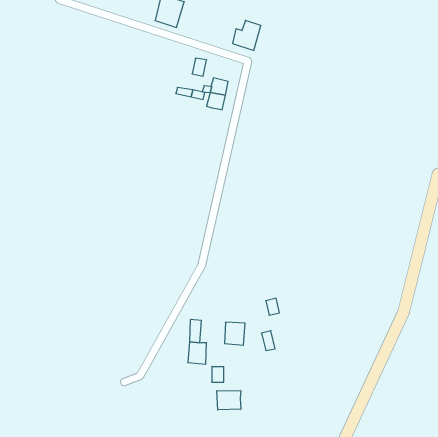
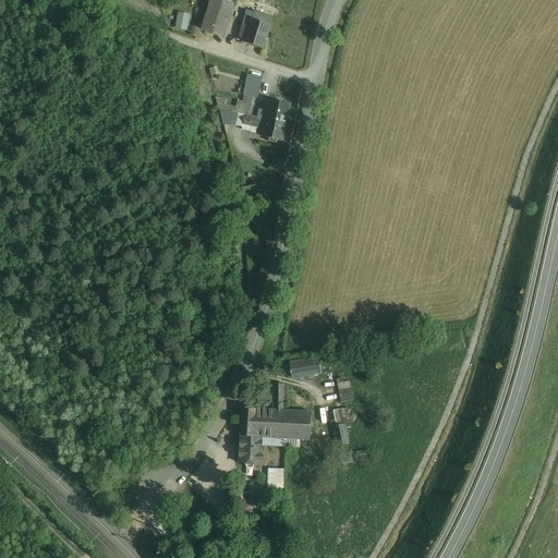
building: [233,20,261,50] -> [240,9,276,47]
building: none -> [290,357,319,377]
building: none -> [254,408,287,437]
building: [217,391,241,410] -> none

